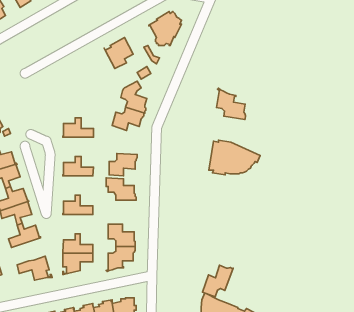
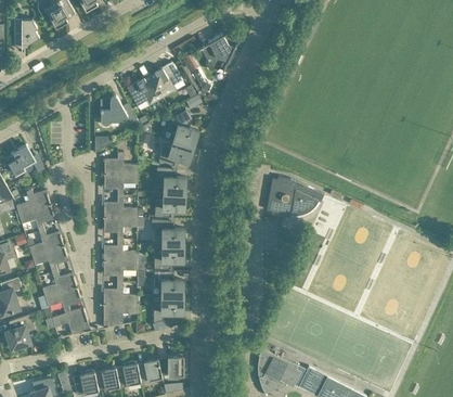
building: none -> [126,74,160,105]
building: none -> [99,95,137,126]
building: [216,88,246,120] -> none
building: none -> [155,167,185,193]
building: none -> [103,174,137,195]
building: none -> [103,217,135,239]
building: none -> [153,244,184,269]
building: none -> [103,260,135,282]
building: none -> [44,286,80,312]
building: [203,265,233,297] -> none

